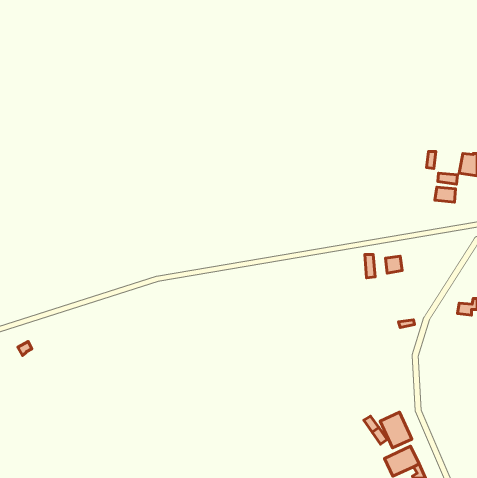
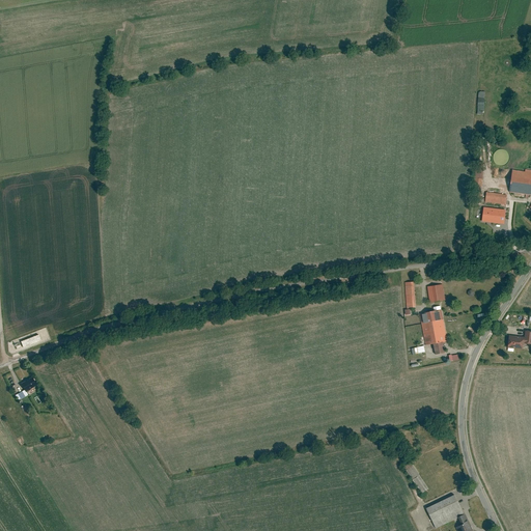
building: none -> [419,306,447,354]
building: [380,412,412,448] -> none

